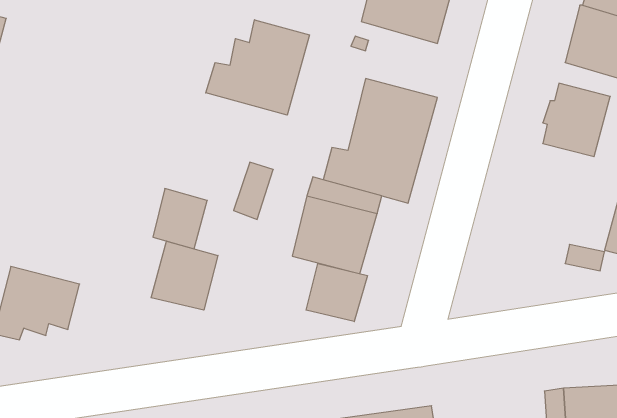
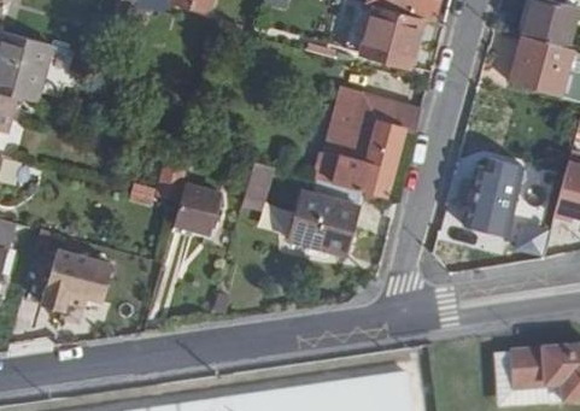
building: [206,20,309,115] -> none
building: [543,83,610,157] -> [468,171,523,231]
building: [151,241,218,310] -> none
building: [306,263,367,322] -> none

